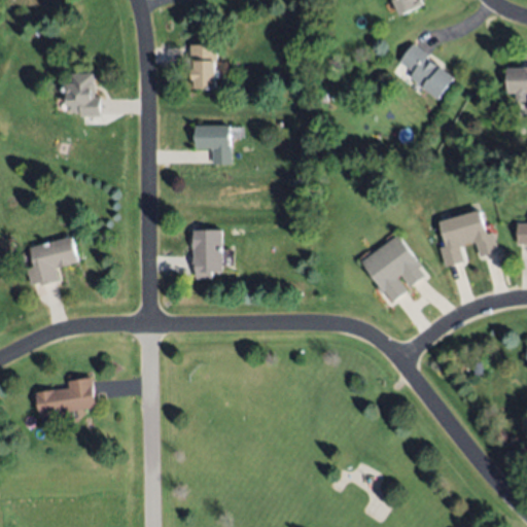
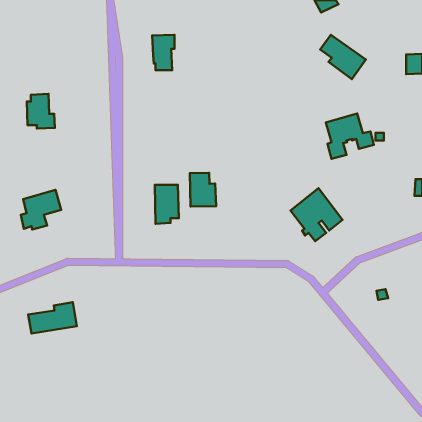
building: [65,72,100,115] -> [27,94,55,129]
building: [196,125,231,164] -> none
building: [437,210,497,267] -> [326,113,374,159]
building: none -> [190,173,216,206]

